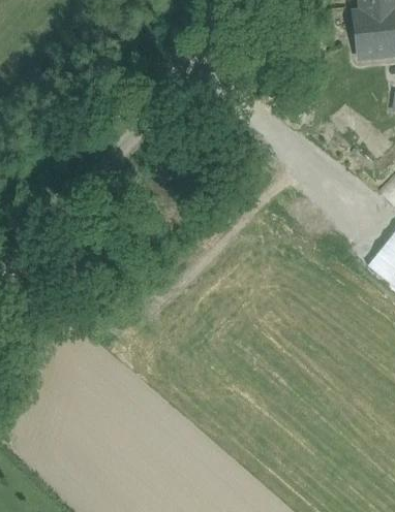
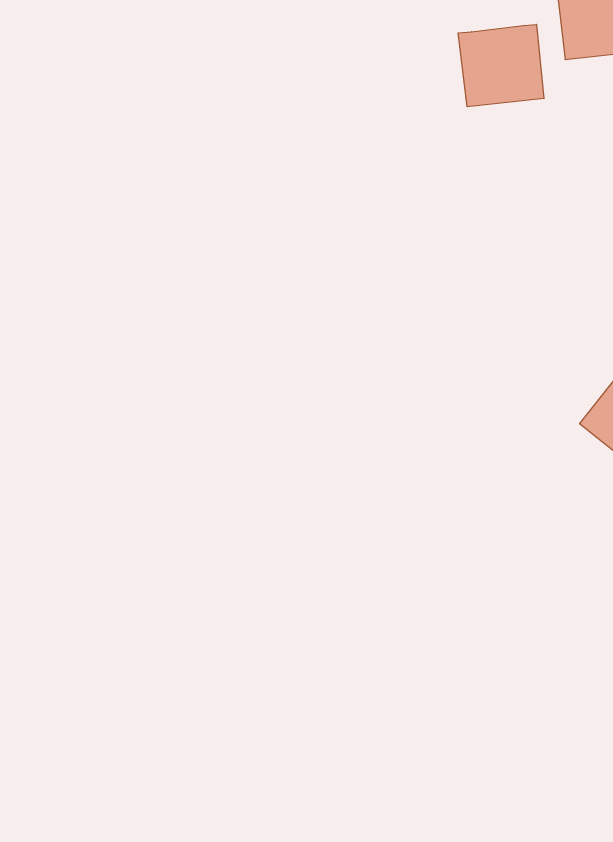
building: none -> [458,24,544,107]

